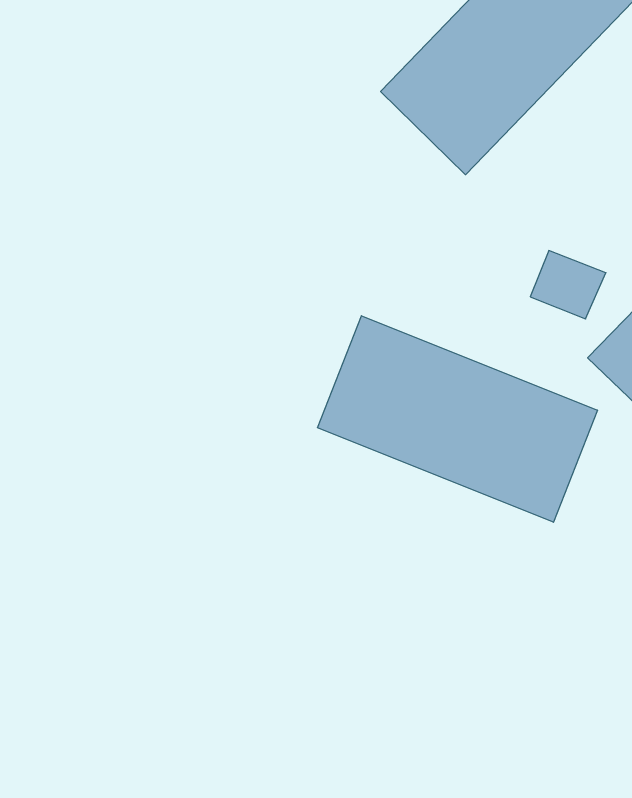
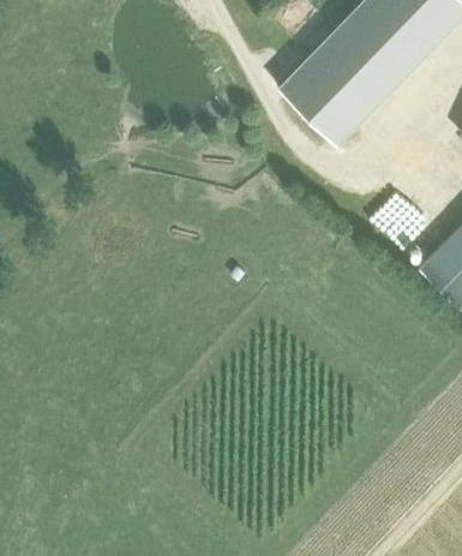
building: [317,316,597,522] -> none

